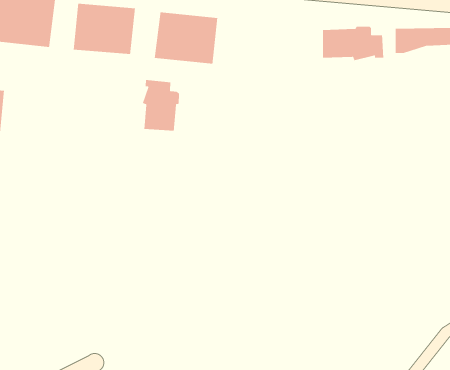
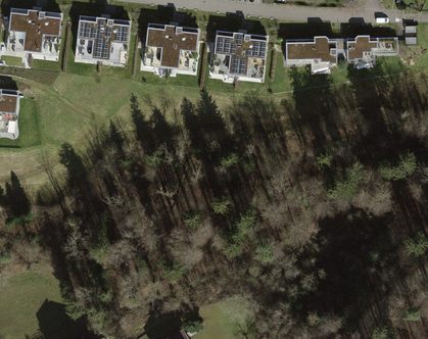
building: none -> [209,33,263,78]
building: [142,79,180,131] -> none

